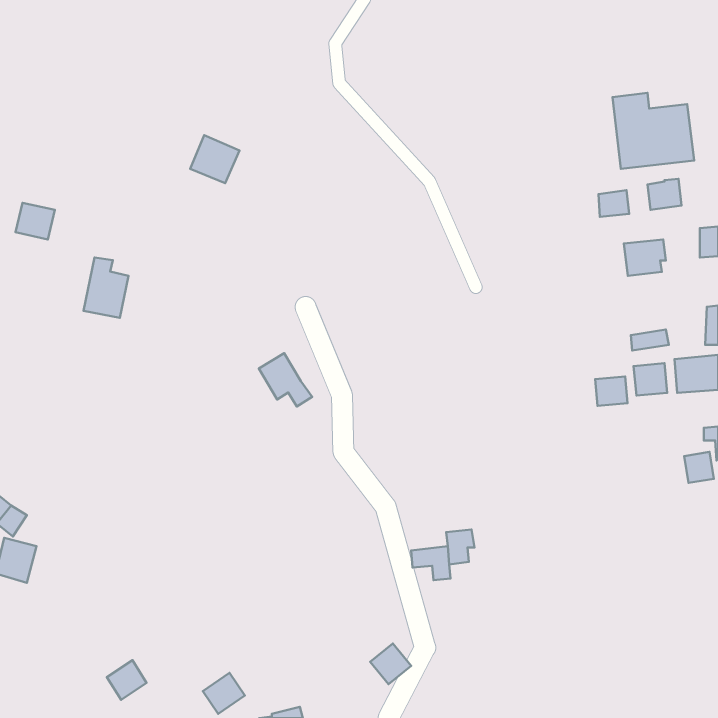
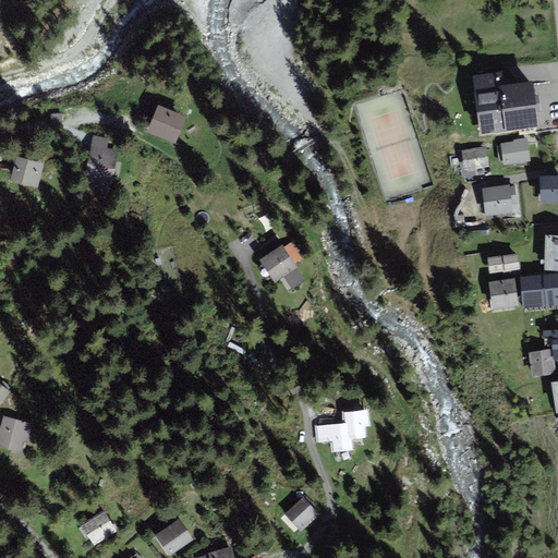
building: [83,257,128,318] -> [85,137,120,184]
building: [259,353,312,407] -> [262,245,303,287]
building: [595,376,628,406] -> none

